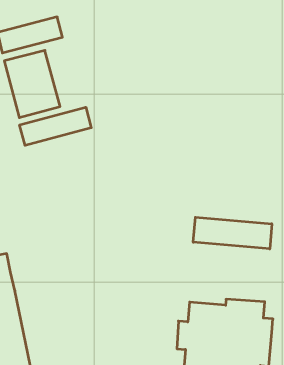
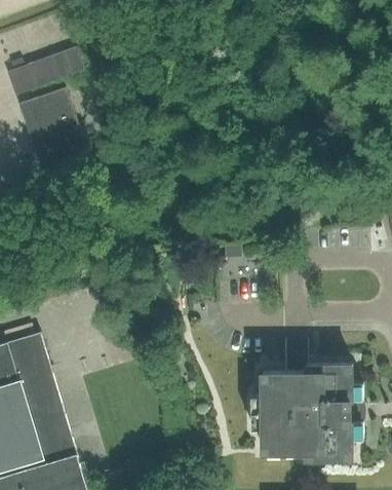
building: [20,107,91,145] -> none
building: [193,217,272,249] -> none

